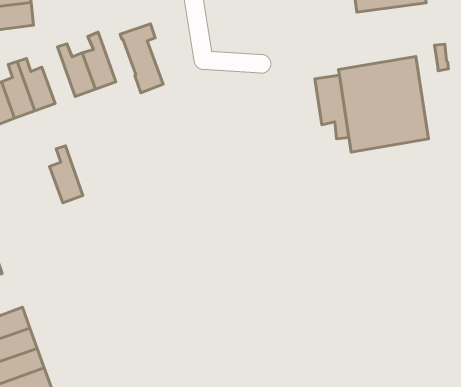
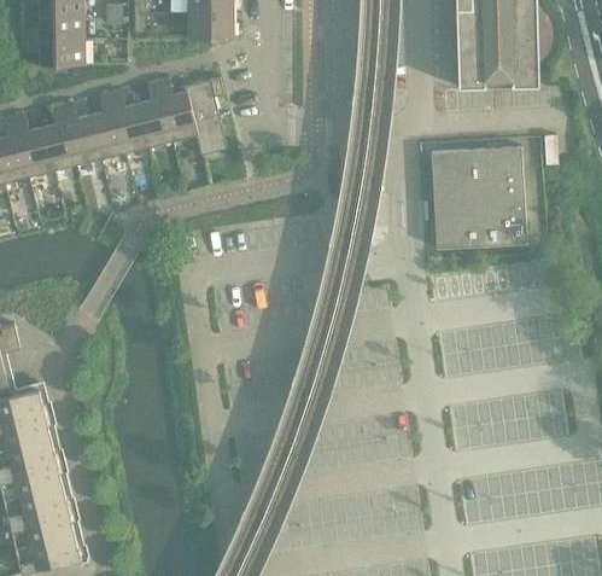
building: none -> [158,77,197,139]
building: [315,75,349,139] -> none
building: [50,146,83,203] -> [89,92,124,157]

